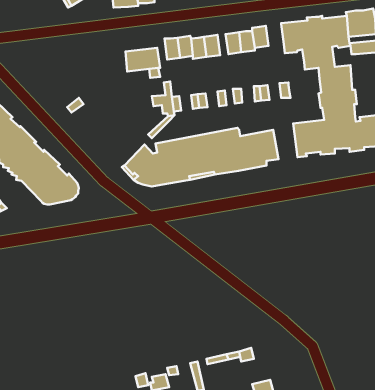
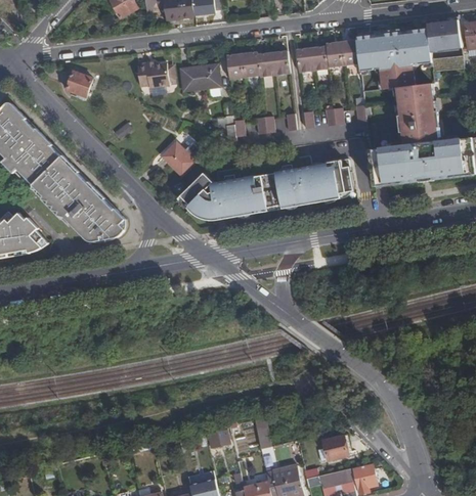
building: none -> [338,38,358,62]
building: none -> [137,62,169,87]
building: none -> [69,74,93,98]
building: none -> [162,142,203,175]

